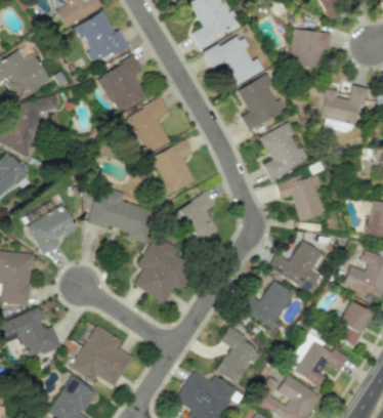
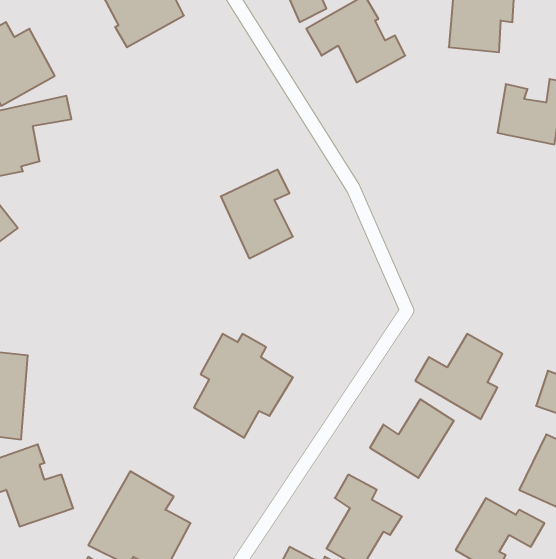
building: [98,55,147,112] -> none
building: [238,73,287,129] -> none
building: [126,97,171,155] -> none
building: [260,122,309,177] -> none
building: [276,175,323,220] -> none
building: [88,184,156,241] -> none
building: [173,191,220,246] -> none
building: [27,205,77,254] -> none

